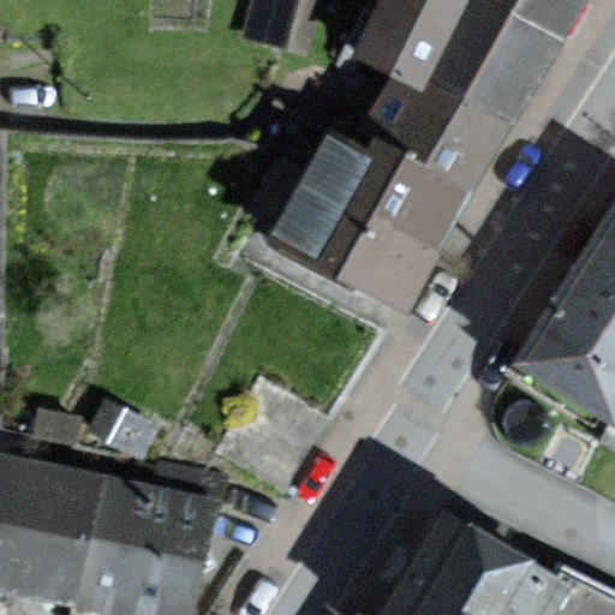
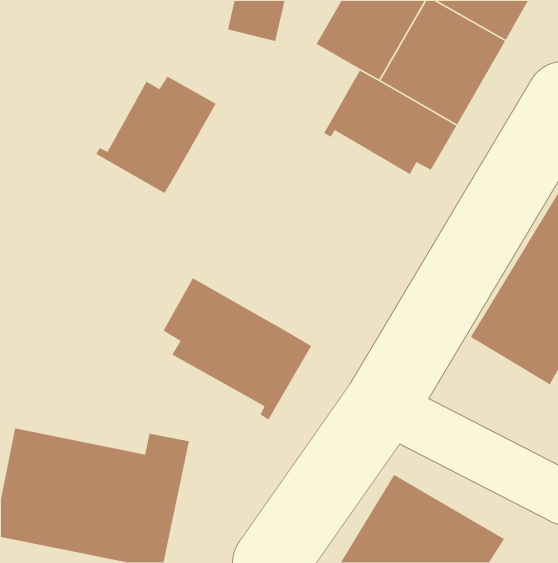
building: none -> [95,75,217,194]
building: [262,125,453,310] -> none
building: none -> [163,277,312,420]

